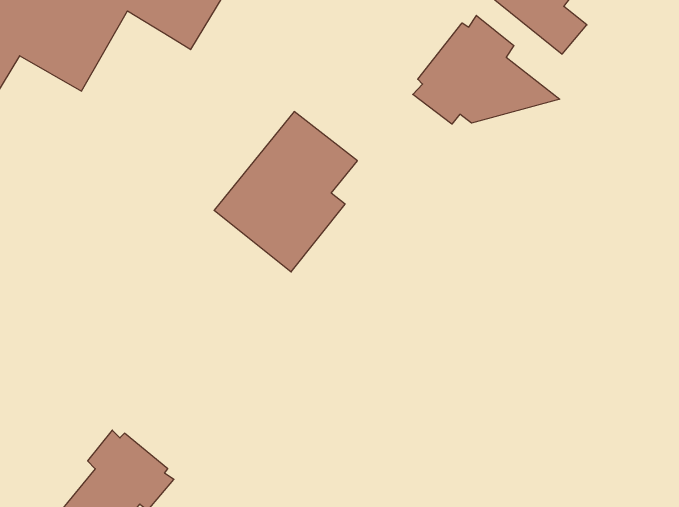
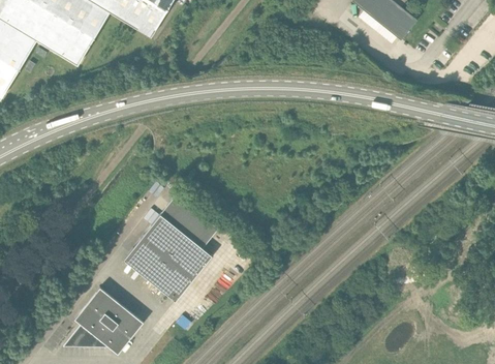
building: [413,15,560,124] -> none
building: [214,112,357,272] -> [124,193,220,301]

